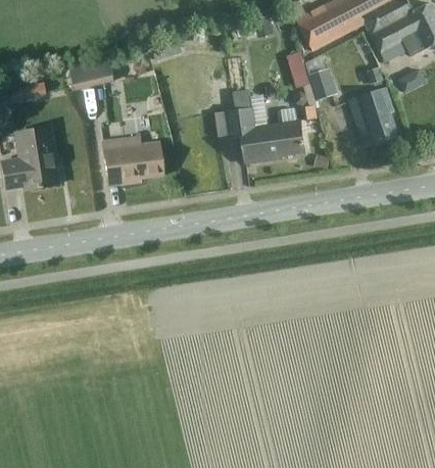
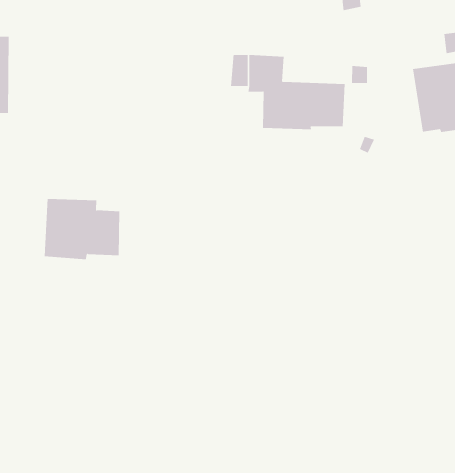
building: [309,65,338,98] -> none
building: [103,136,163,184] -> [44,198,120,260]

